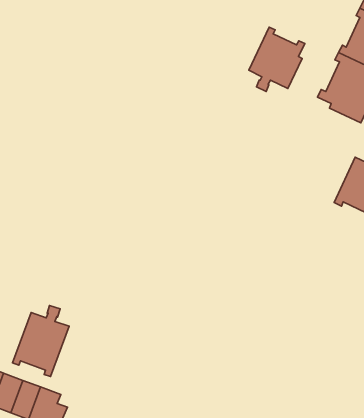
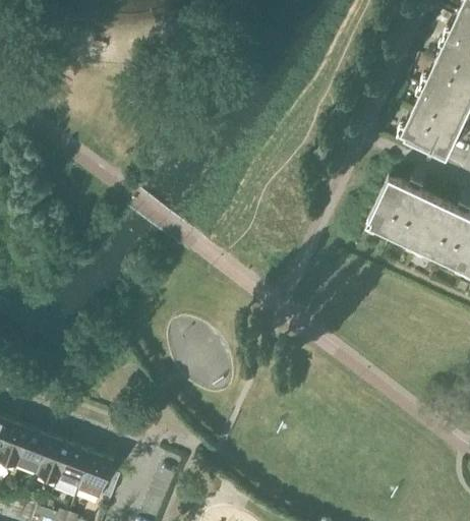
building: [249,27,305,91] -> none
building: none -> [365,177,437,253]
building: [12,306,69,377] -> none

